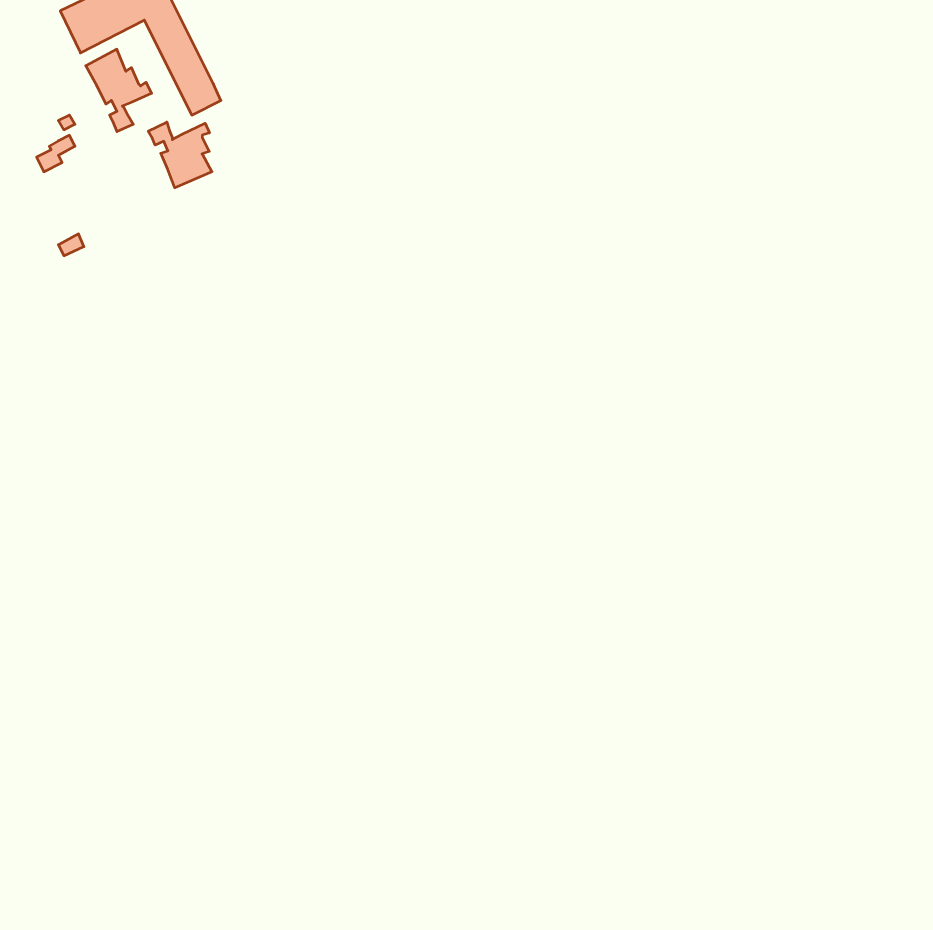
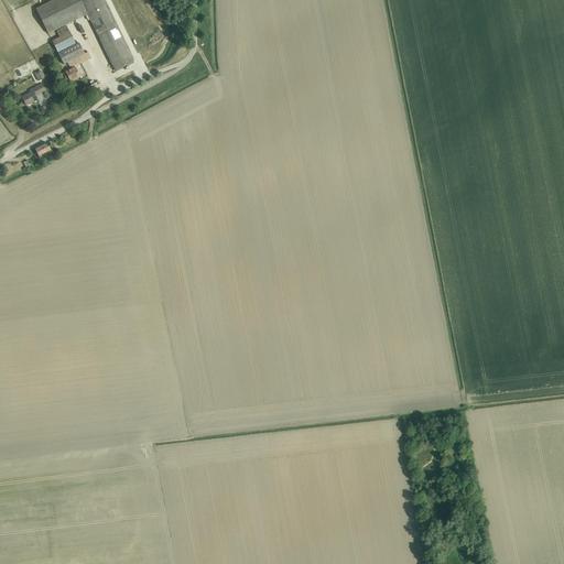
building: [148,122,212,188] -> none

